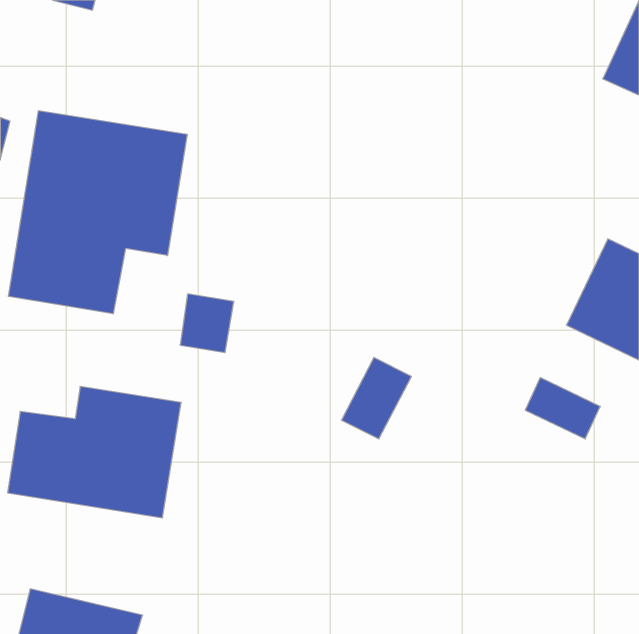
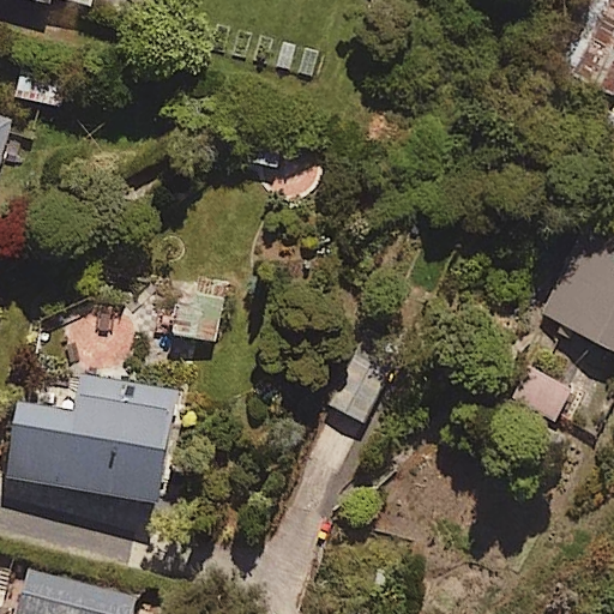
building: [8,111,187,314] -> none

